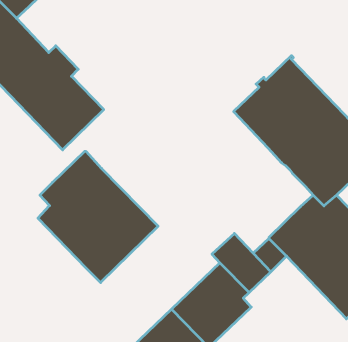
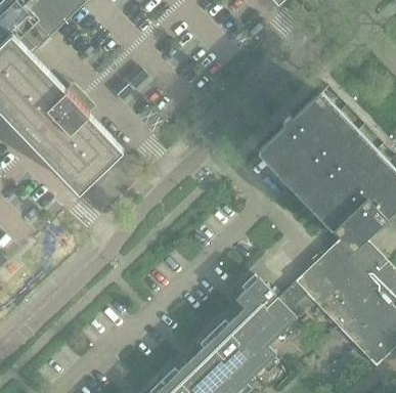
building: [38,151,158,283] -> none

